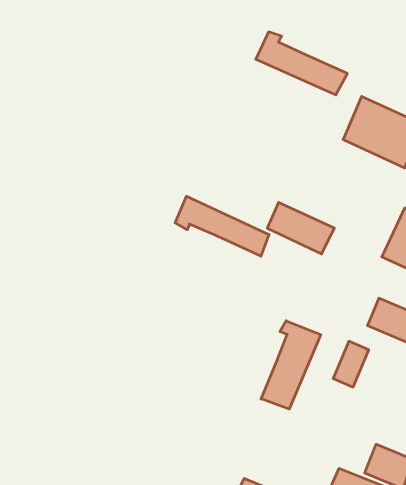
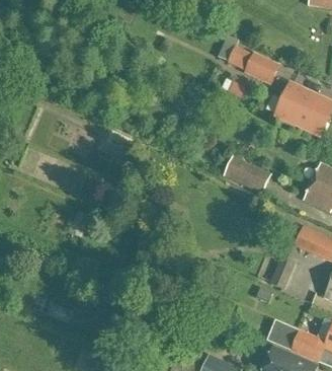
building: [175,196,269,256] -> none
building: [261,321,321,409] -> none
building: none -> [269,320,301,351]

